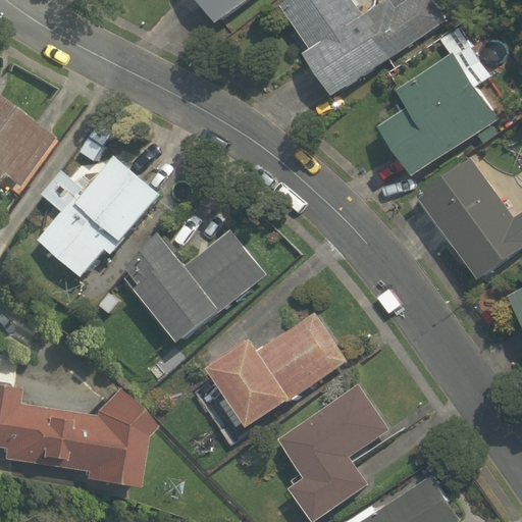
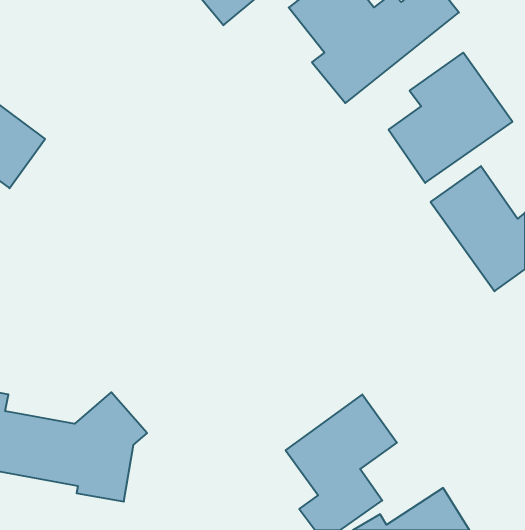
building: [35,160,160,277] -> none
building: [118,229,270,348] -> none
building: [206,311,342,433] -> none

